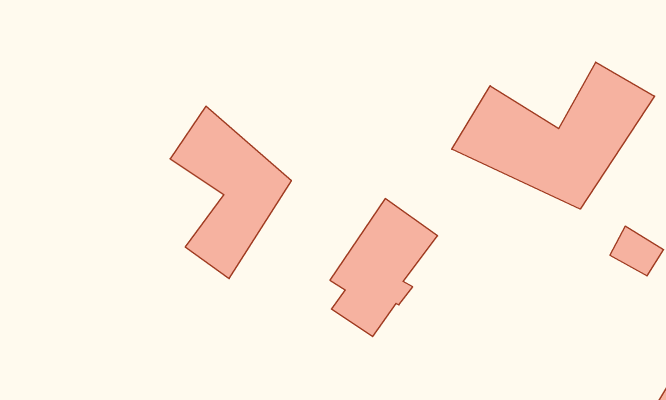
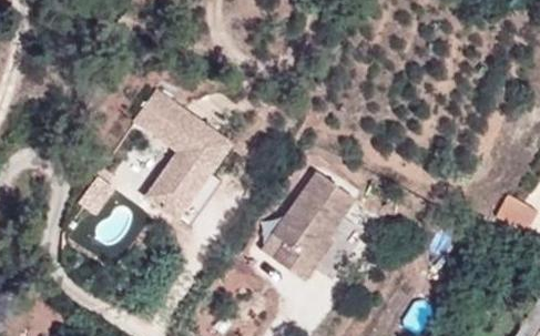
building: [452,62,655,209] -> none

